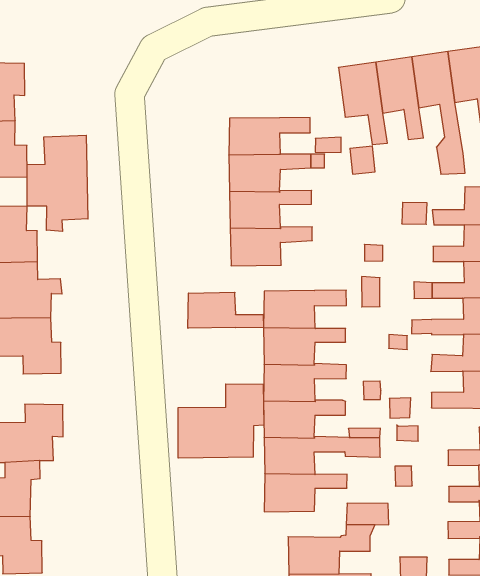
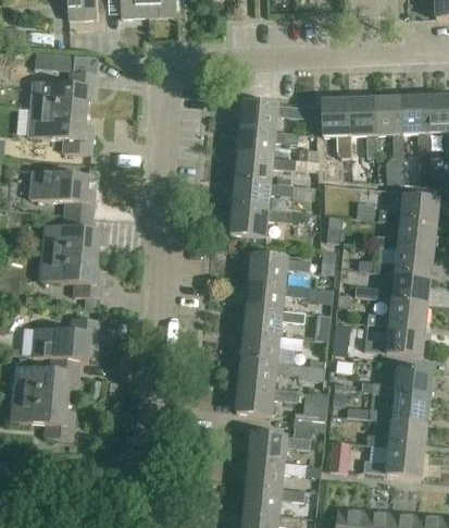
building: none -> [240,101,300,131]
building: [27,135,88,231] -> none
building: [188,292,263,328] -> none
building: [178,384,264,458] -> none

